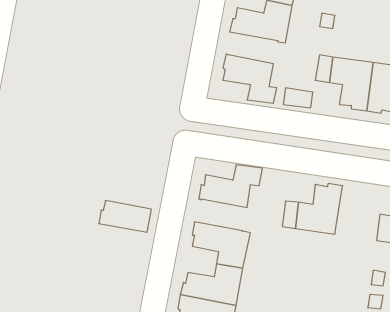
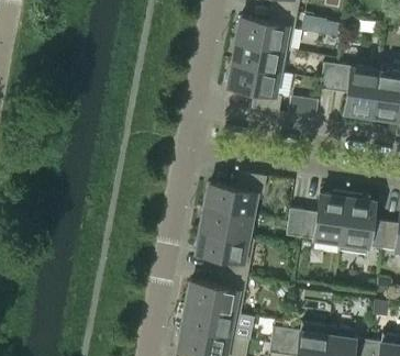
building: none -> [232,41,282,73]
building: none -> [338,194,385,255]
building: [99,200,151,232] -> [199,208,252,240]

